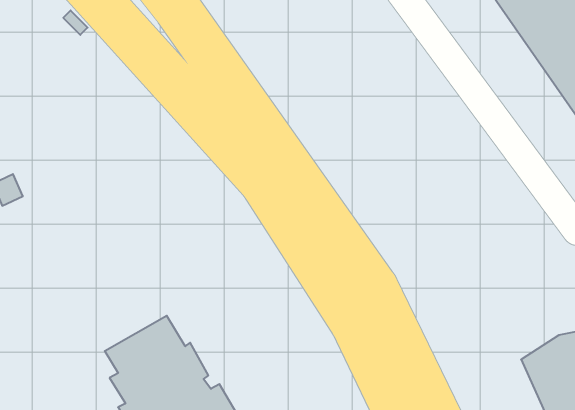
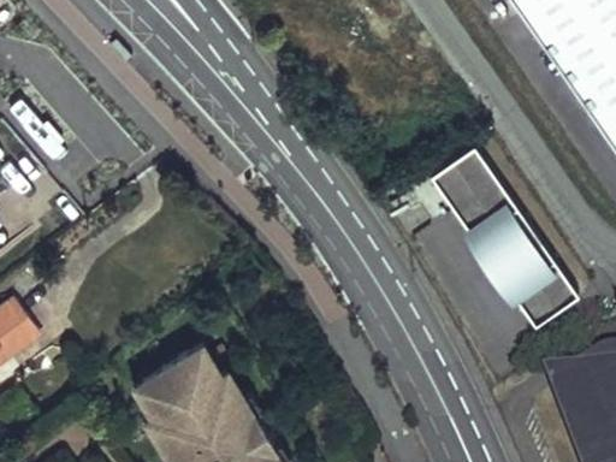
building: none -> [432,148,579,326]

